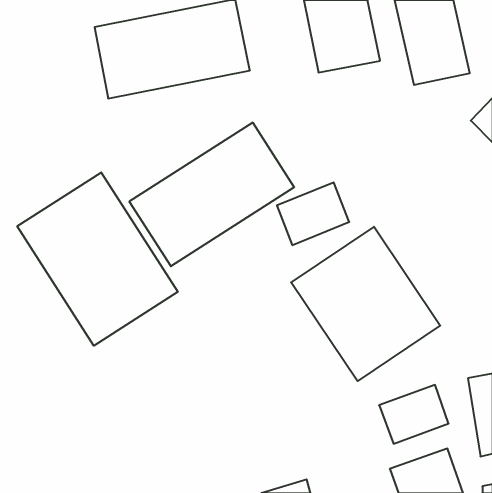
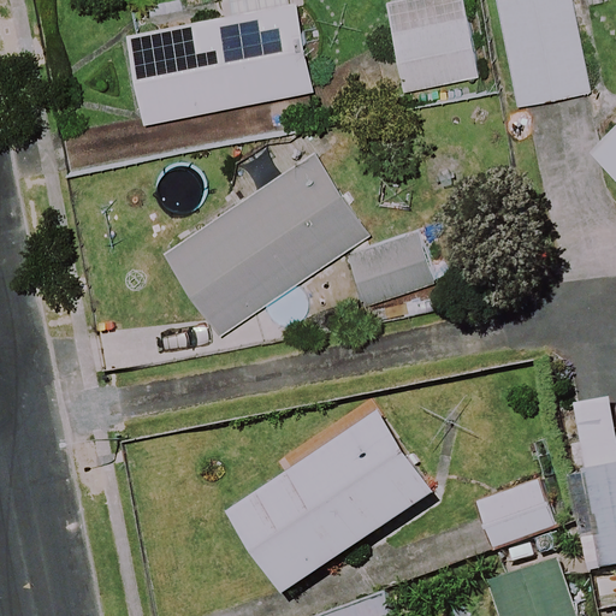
building: [17,172,178,346] -> none
building: [291,227,440,381] -> none
building: none -> [230,416,433,597]

